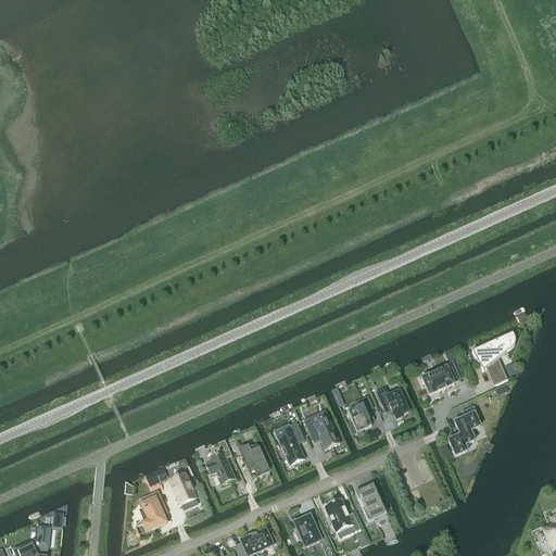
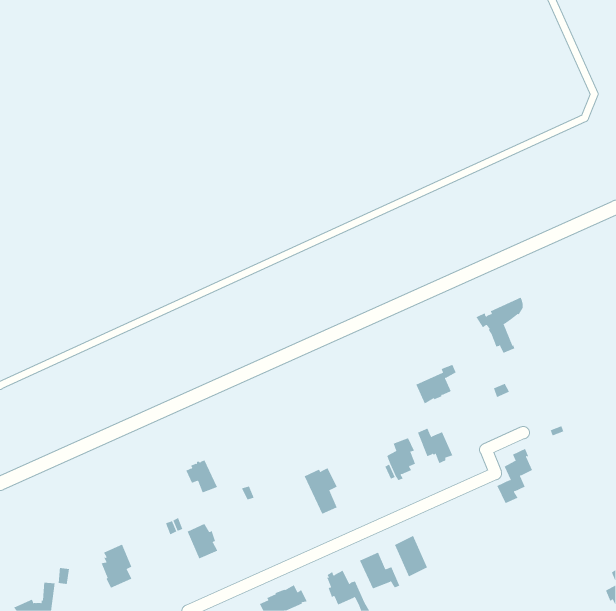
building: [471,331,515,382] -> [475,297,524,353]
building: [421,357,458,393] -> [416,364,457,404]
building: [303,415,340,448] -> none
building: [239,442,269,475] -> none
building: [205,453,235,483] -> [185,460,218,493]
building: [138,490,166,530] -> [101,544,132,589]

